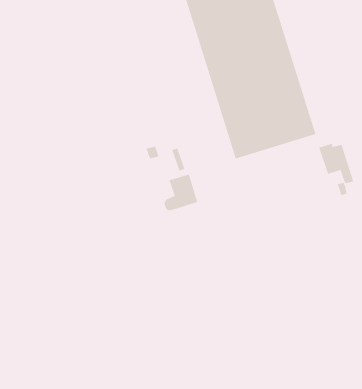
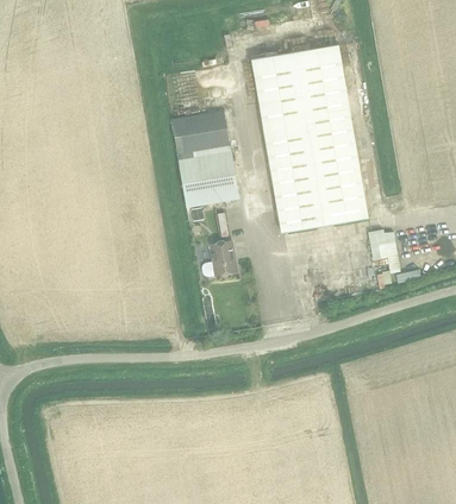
building: none -> [171,111,239,208]

